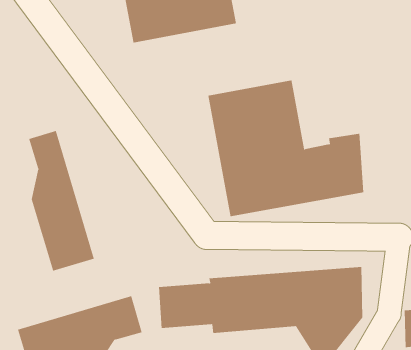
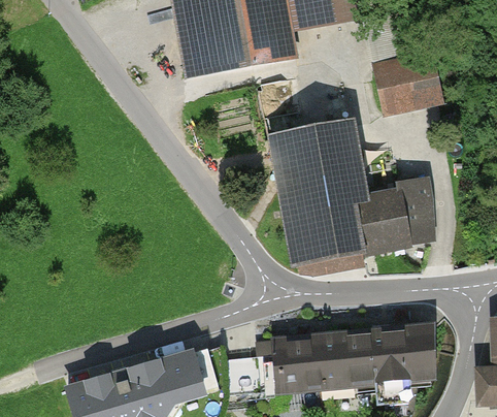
building: none -> [372,50,442,116]
building: [29,130,95,271] -> none

